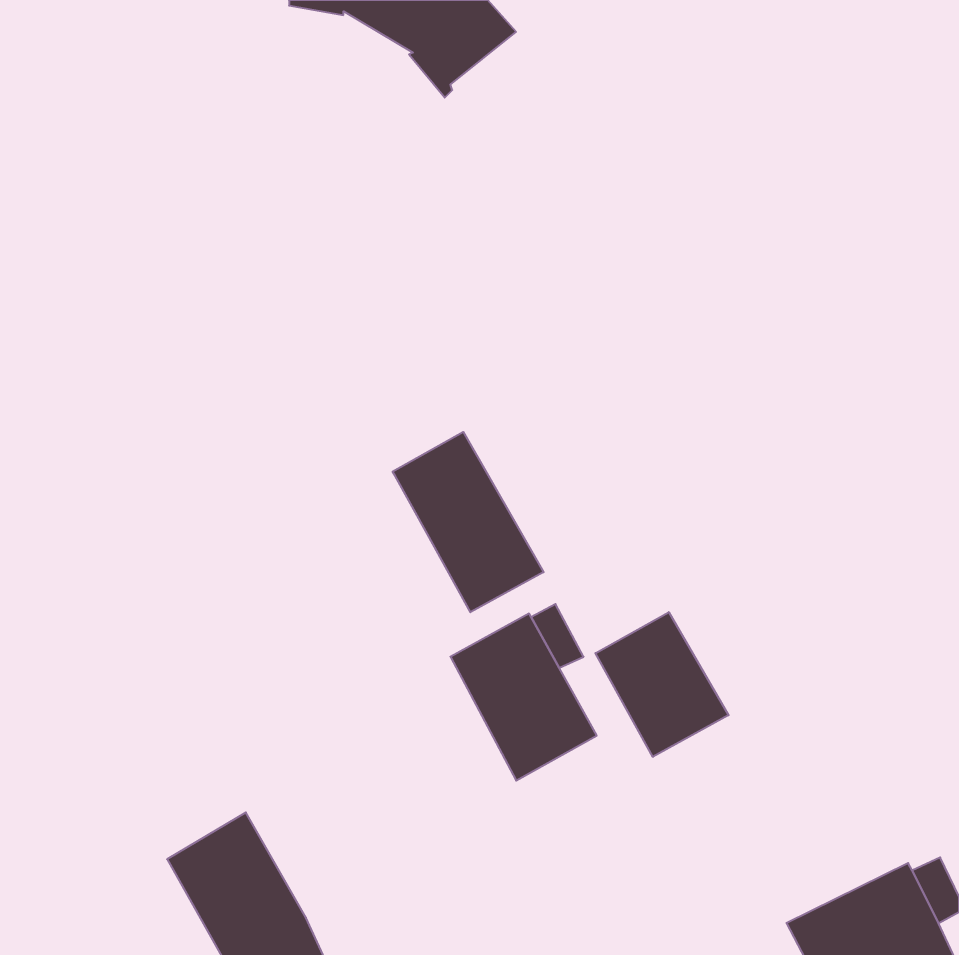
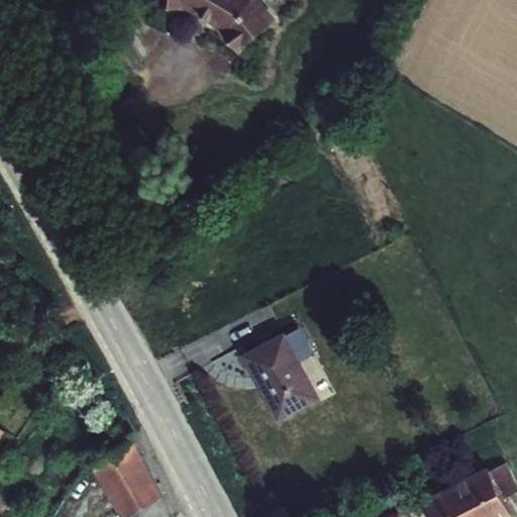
building: [393,432,544,612] -> none
building: [595,612,729,757] -> none

